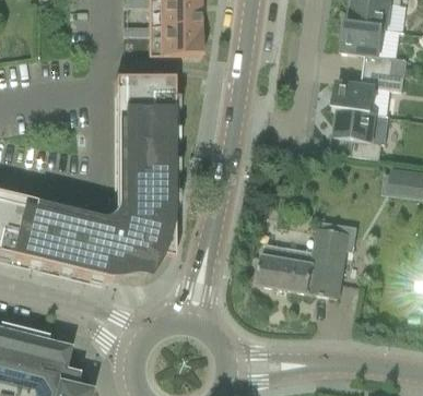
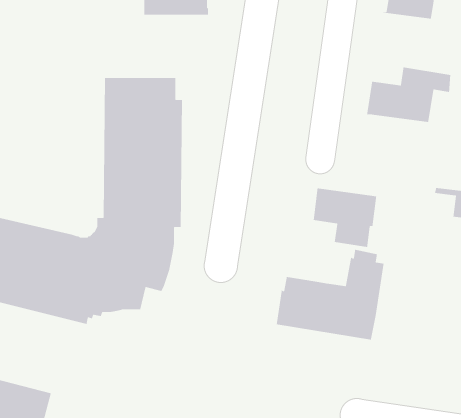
building: [342,24,407,75] -> none
building: [136,26,204,56] -> none
building: [334,109,388,159] -> [313,188,377,248]

